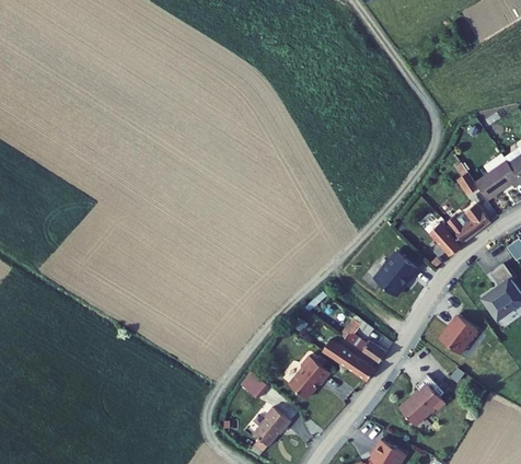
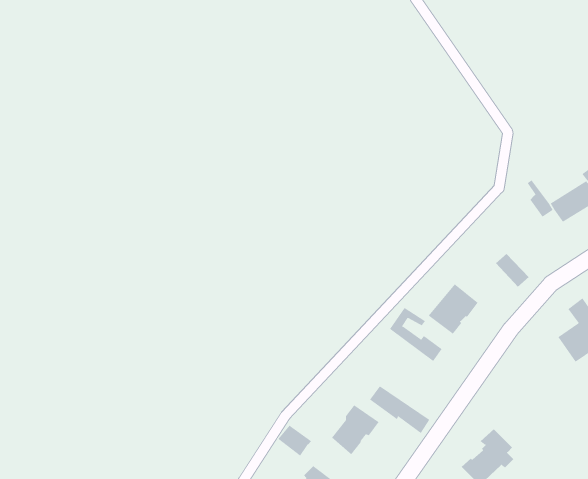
building: [442,202,488,241] -> none
building: [337,314,383,361] -> [389,307,442,362]
building: [444,316,485,358] -> none

